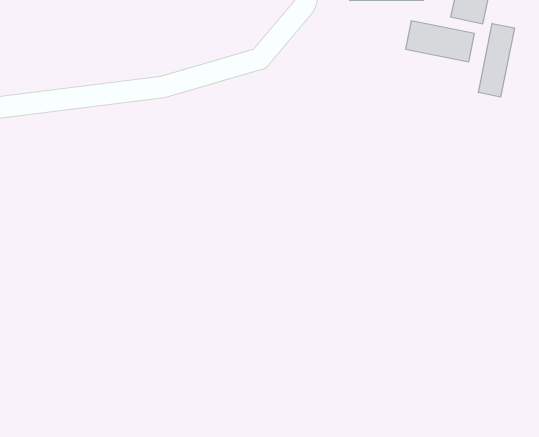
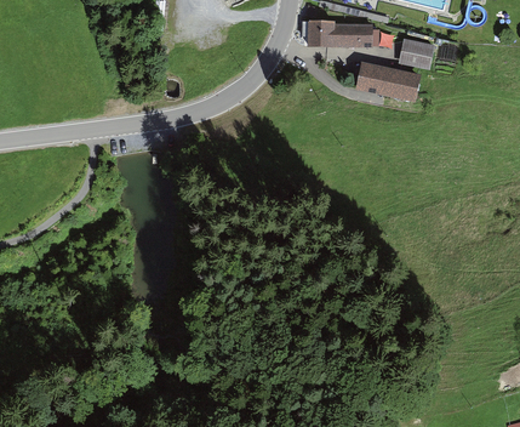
building: [478,23,514,97] -> none

